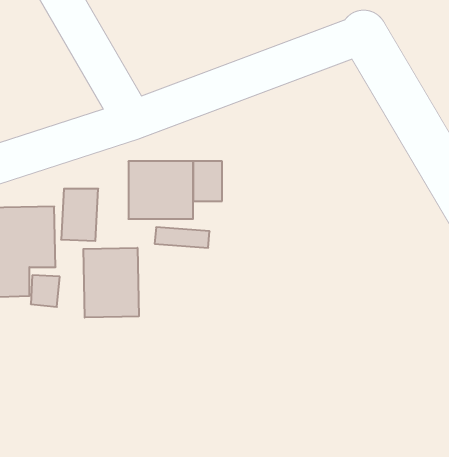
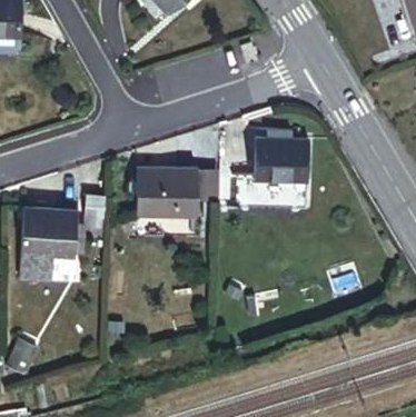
building: none -> [250,138,306,183]
building: [83,248,139,318] -> none

